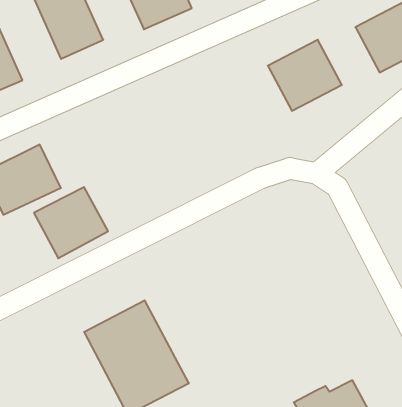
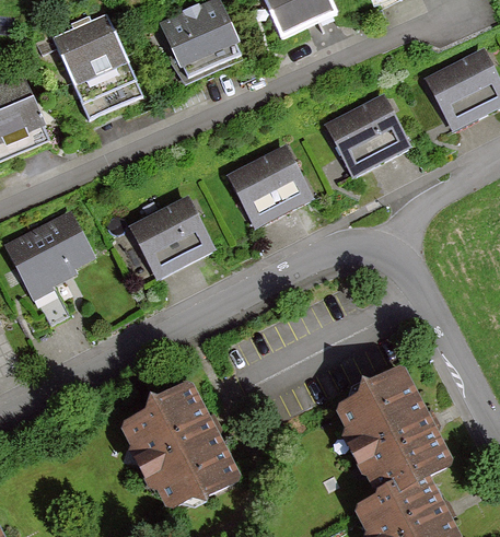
building: none -> [229,144,312,225]
building: [34,187,108,258] -> [127,198,211,279]
building: none -> [338,377,451,493]

